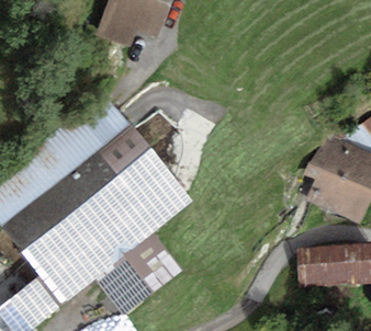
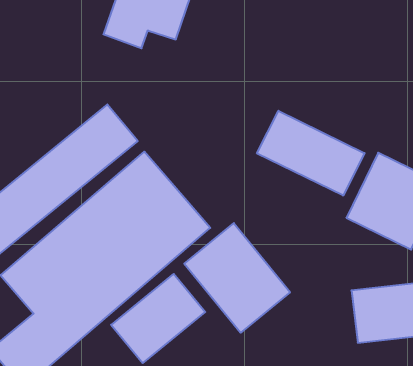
building: none -> [257,111,365,196]
building: none -> [184,223,290,333]

